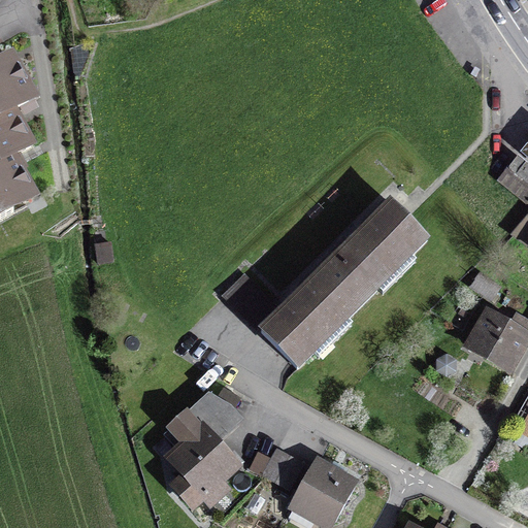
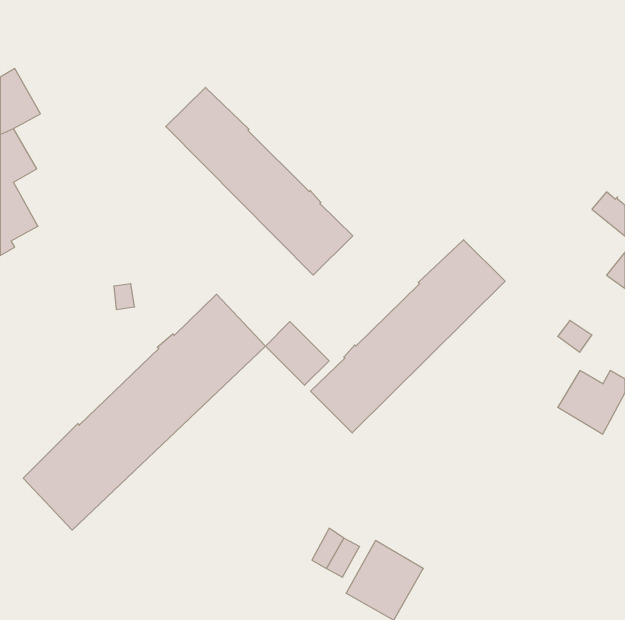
building: none -> [166,87,353,275]
building: none -> [23,294,265,530]
building: [165,391,238,505] -> none

